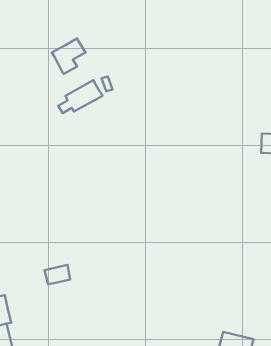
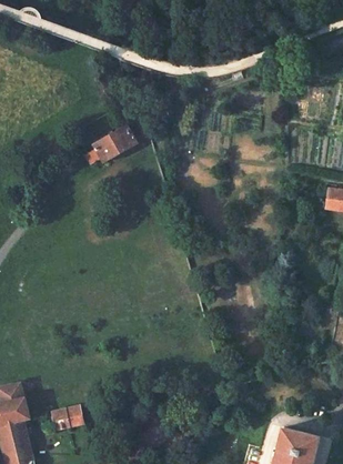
building: [52,38,86,74] -> none
building: [44,265,70,284] -> [50,405,81,428]

